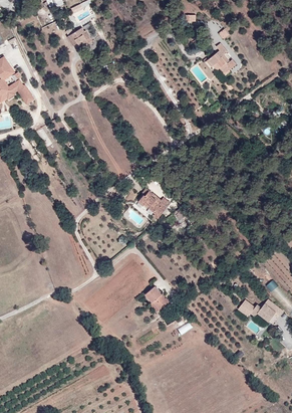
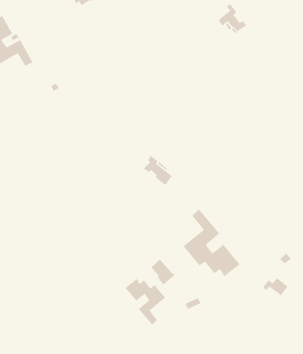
building: none -> [182,209,241,277]
building: none -> [125,278,166,325]

